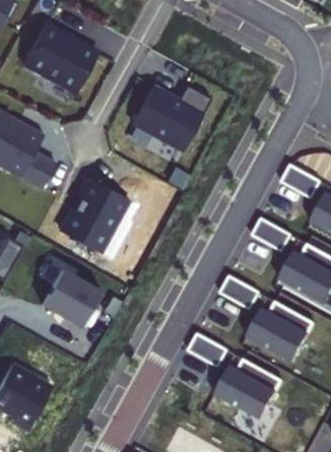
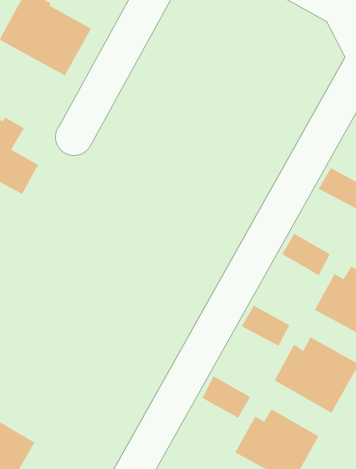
building: [133,86,208,149] -> none
building: [59,177,128,254] -> none
building: [41,269,101,327] -> none

